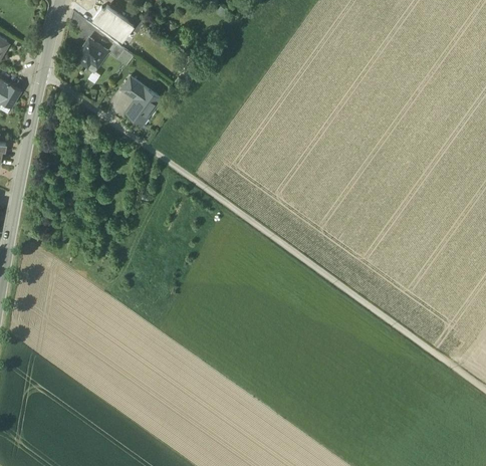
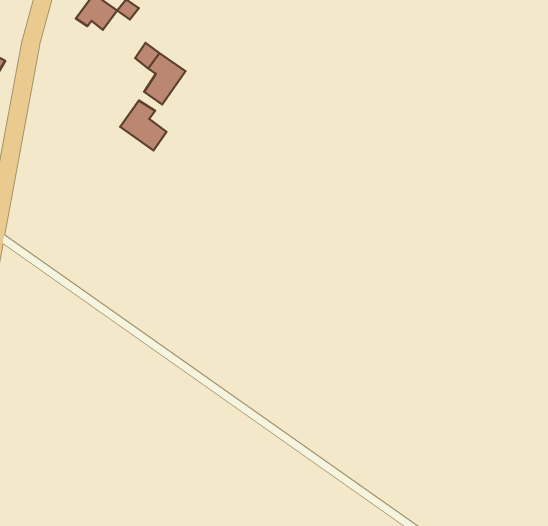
building: none -> [120,100,166,151]

